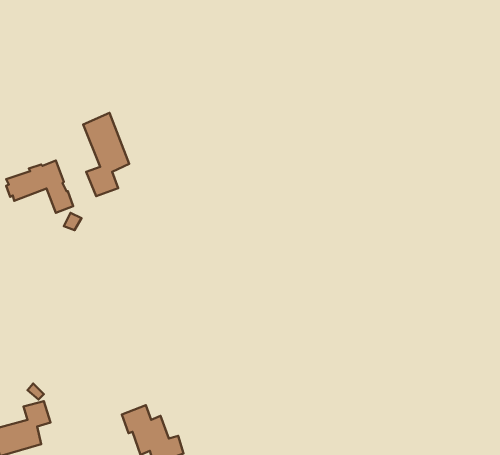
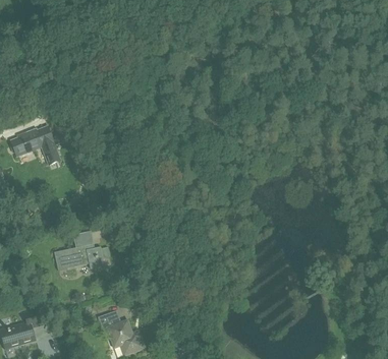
building: [83,113,129,196] -> none
building: none -> [55,243,110,270]

